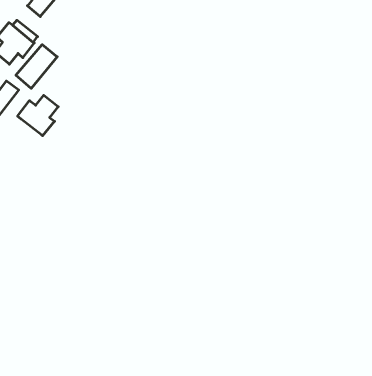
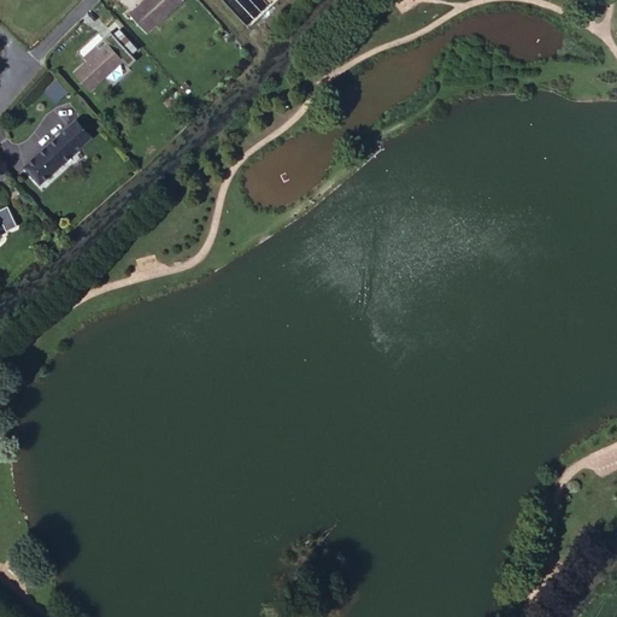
building: [16,45,57,88] -> none
building: [18,95,58,136] -> none

